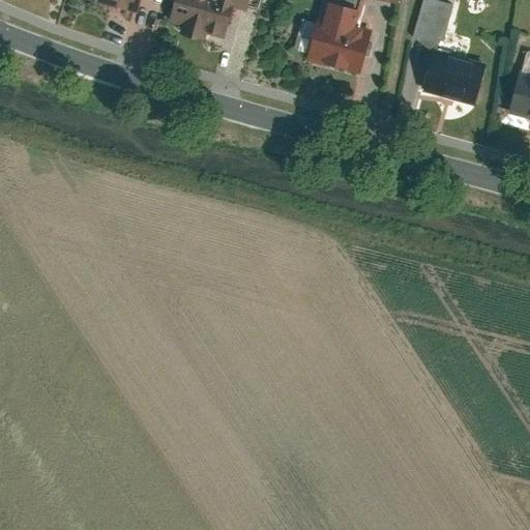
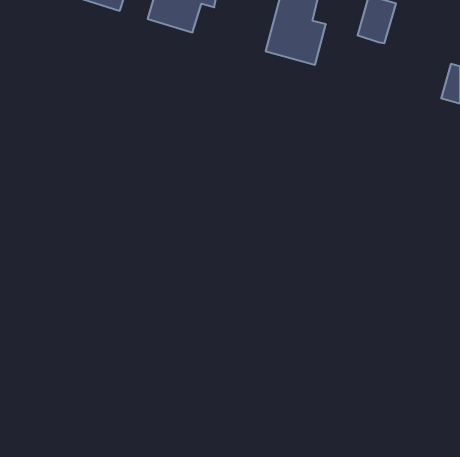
building: [423,49,488,105] -> none

